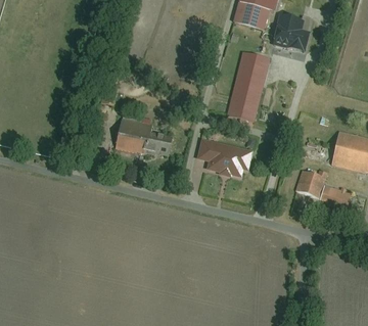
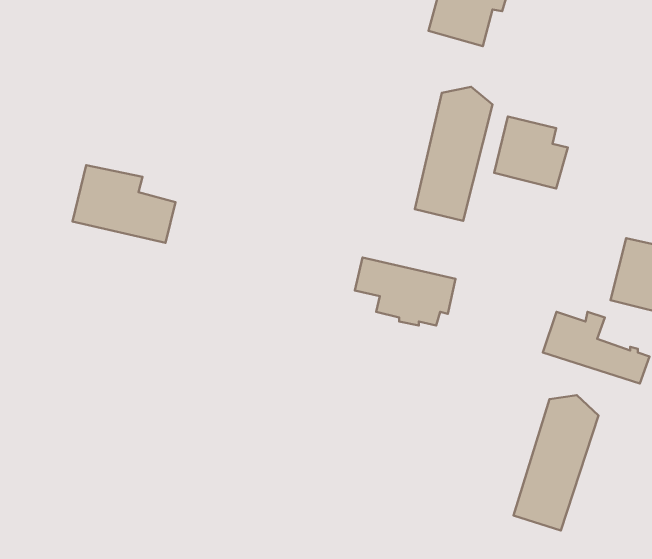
building: [272,14,311,52] -> [494,117,568,188]
building: [114,119,169,159] -> [73,165,175,243]
building: none -> [513,395,598,530]

